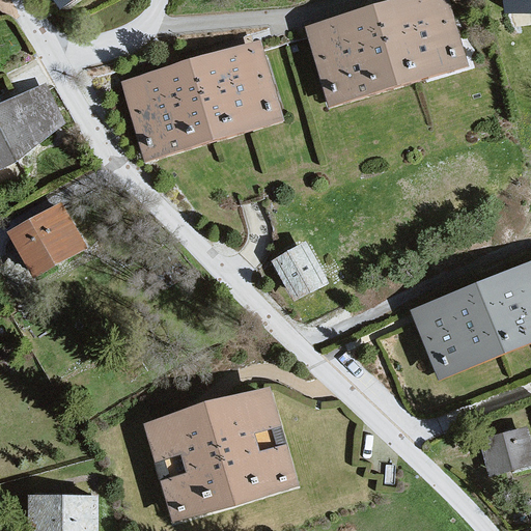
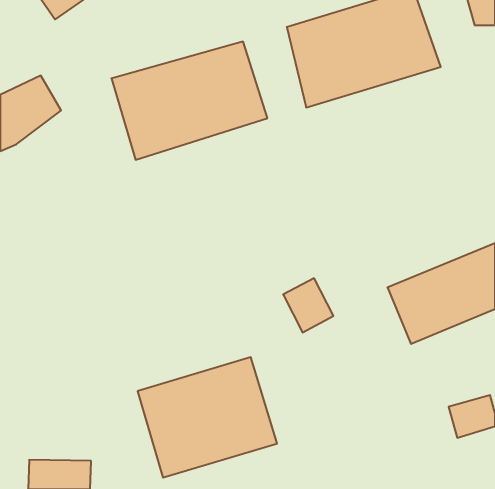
building: [9,199,85,271] -> none
building: [274,237,328,296] -> [283,278,333,332]

